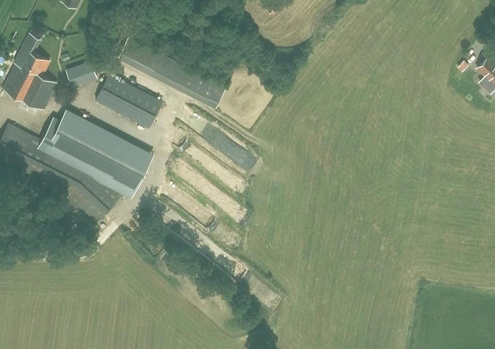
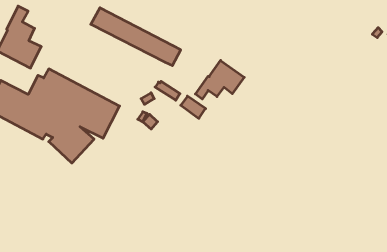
building: [66,62,96,87] -> none
building: [95,74,162,127] -> none
building: none -> [195,60,244,99]

